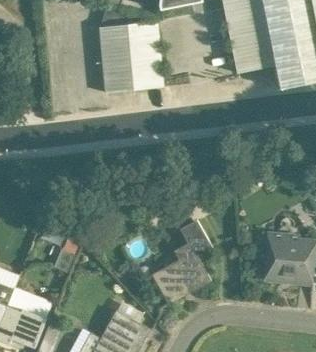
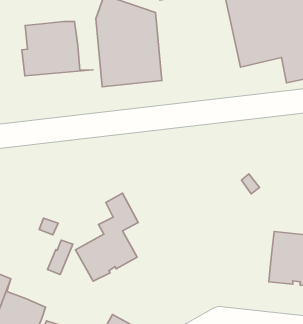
building: none -> [22,21,93,76]
building: [151,220,211,304] -> [75,193,138,281]

